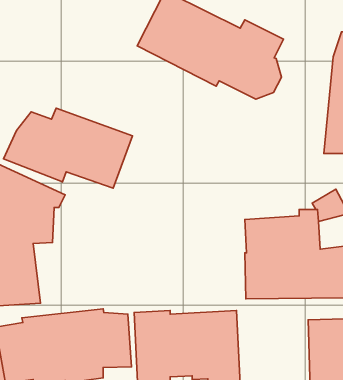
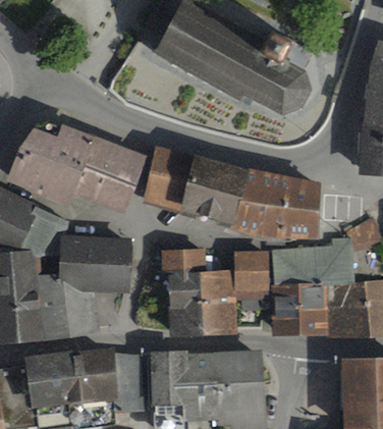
building: none -> [144,146,321,240]
building: none -> [38,235,133,341]
building: none -> [162,248,269,337]

